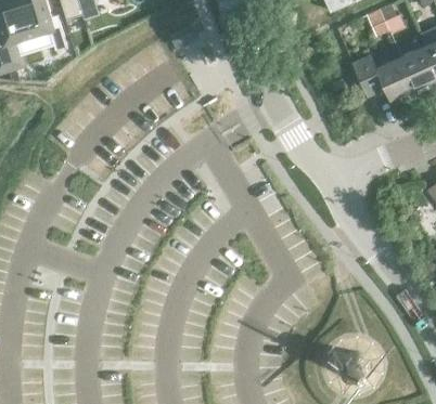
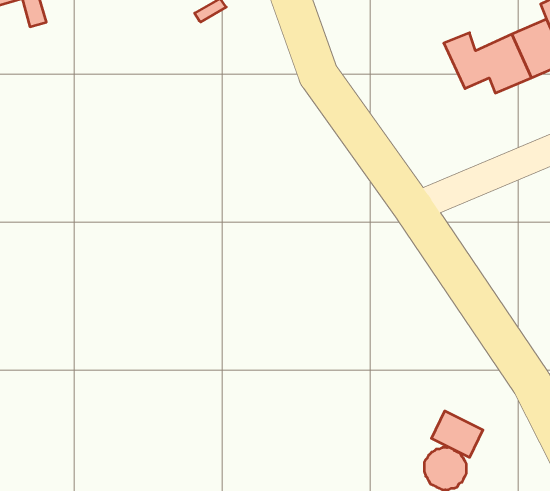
building: none -> [431,411,483,457]

